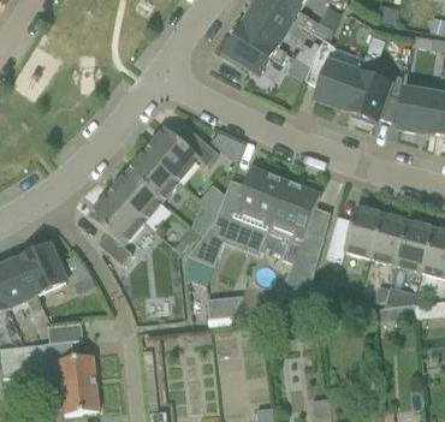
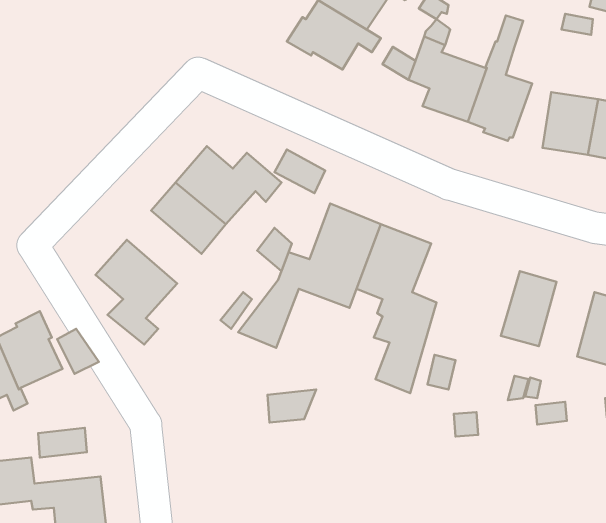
building: [111,172,162,222] -> none
building: [327,207,382,261] -> none
building: [396,221,434,273] -> none

